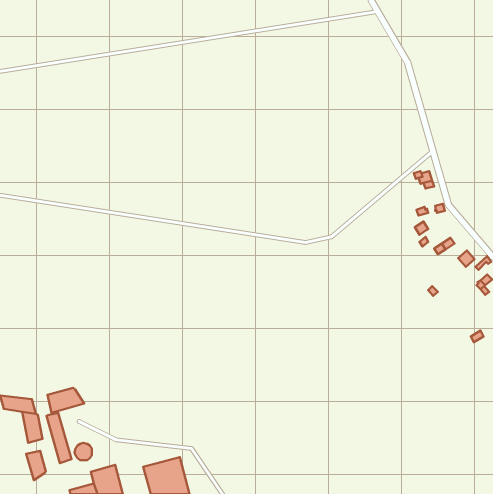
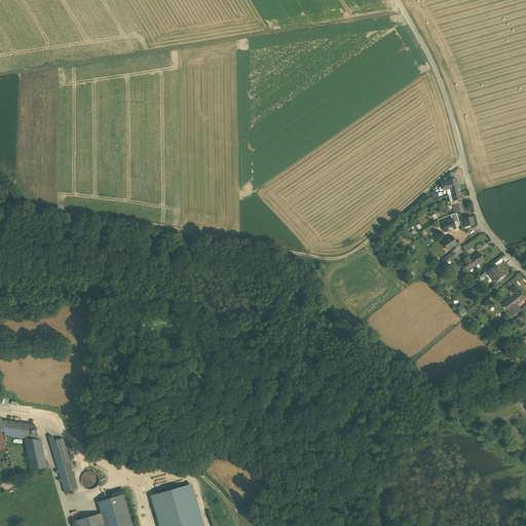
building: [48,388,84,413] -> none
building: [26,451,46,480] -> none

